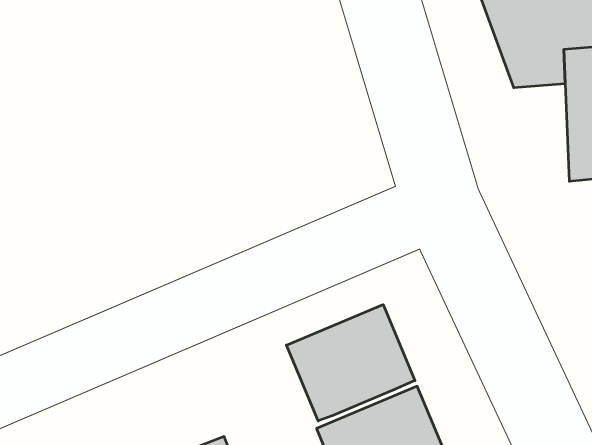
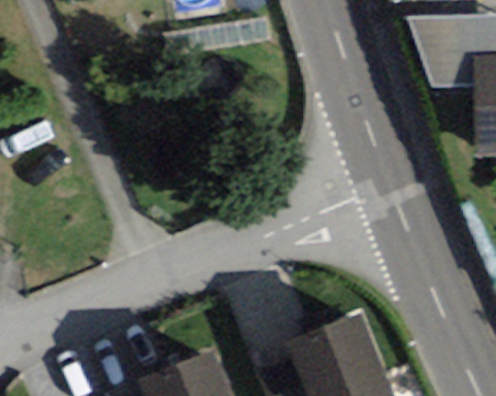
building: [286,305,415,421] -> none

